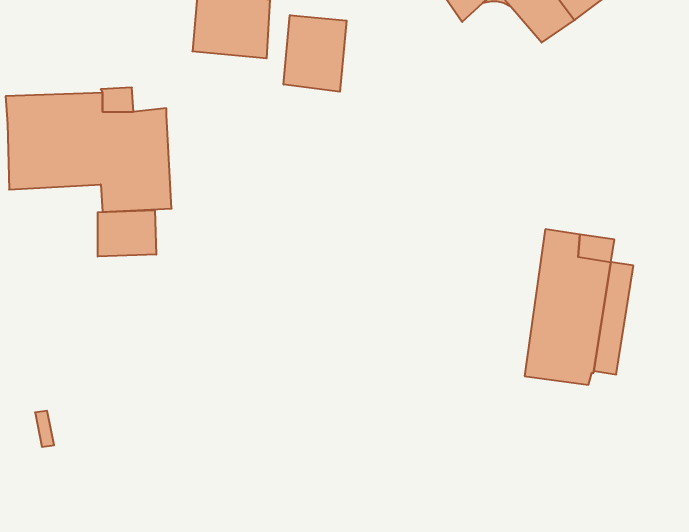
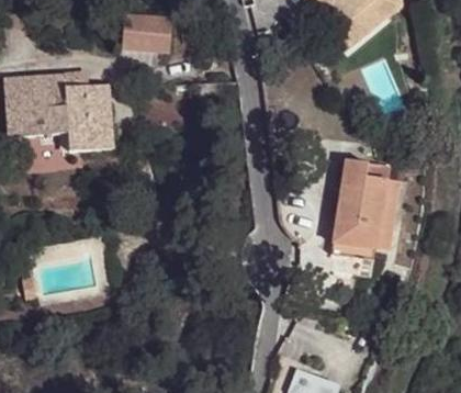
building: [284,15,347,92] -> none
building: [98,210,156,257] -> none

